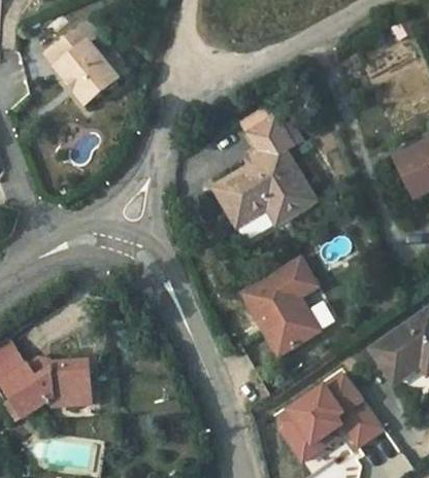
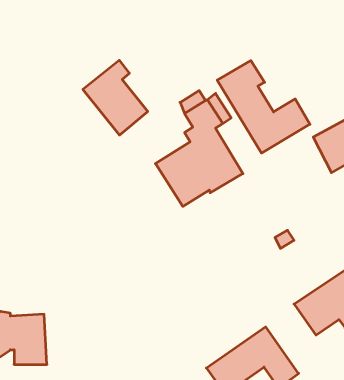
building: [45,21,119,105] -> [83,60,148,135]
building: none -> [217,61,310,153]
building: [240,257,337,355] -> none

